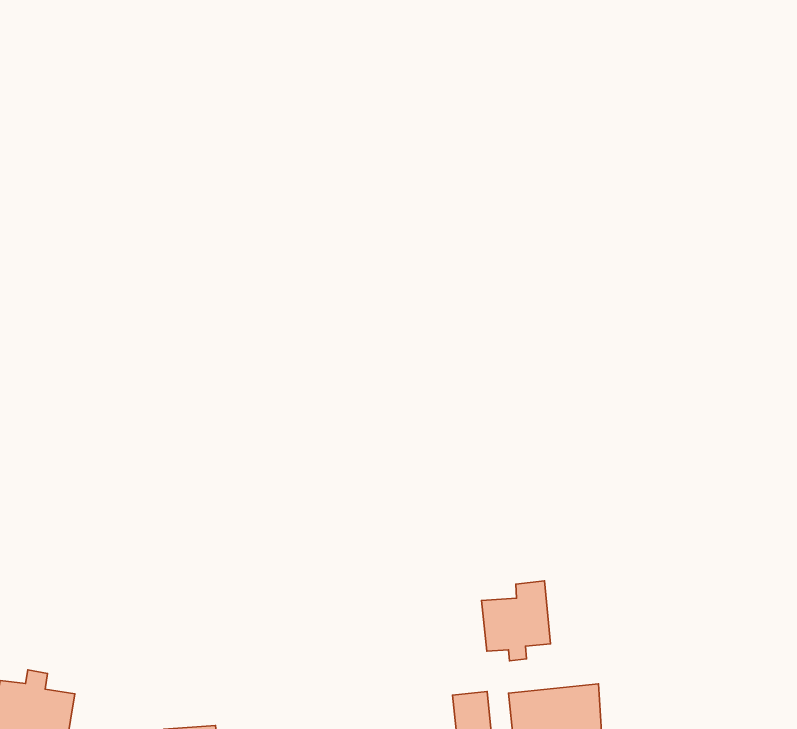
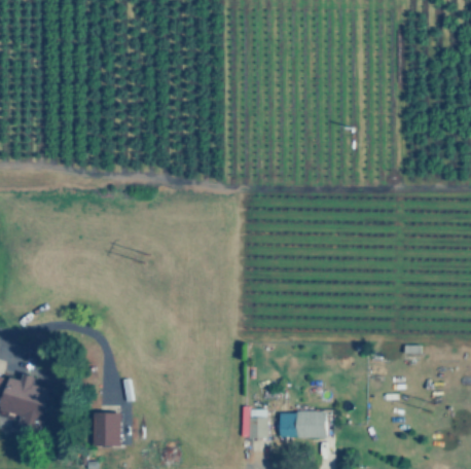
building: [482,581,551,661] -> none

